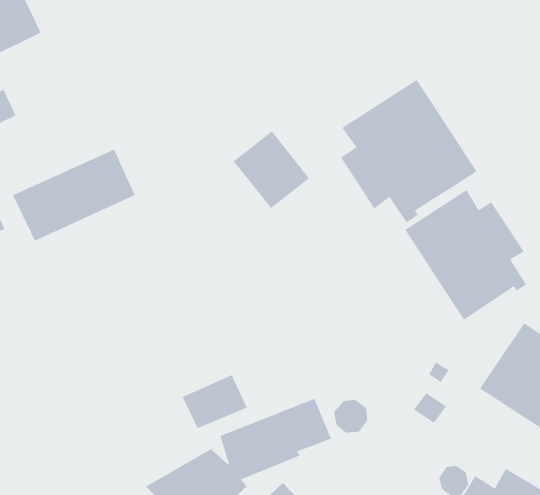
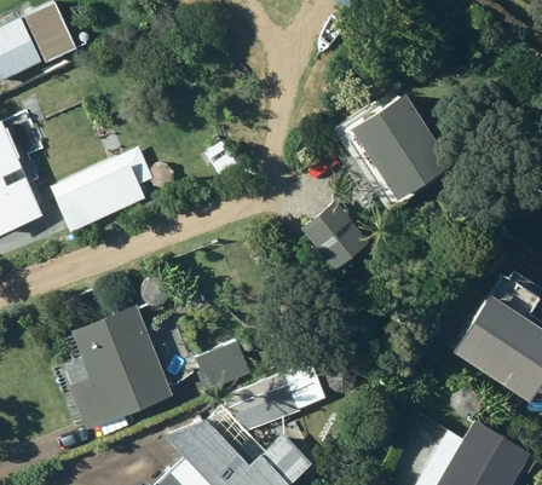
building: [233,131,310,209] -> [302,202,369,270]
building: [405,189,527,321] -> none
building: none -> [68,298,172,428]

